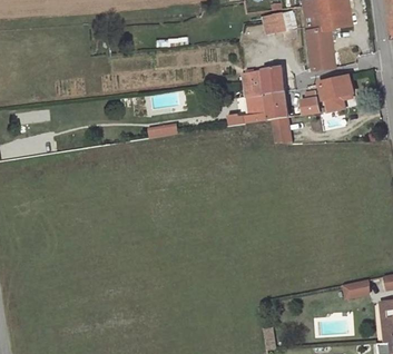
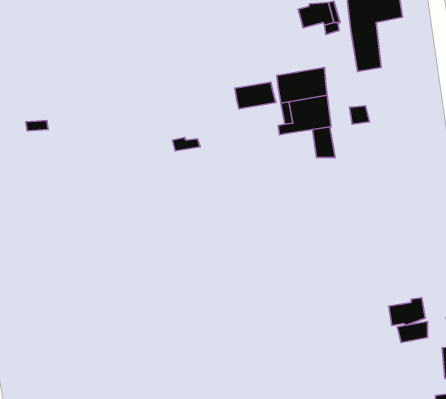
building: [317,76,351,110] -> none
building: none -> [235,82,276,109]
building: none -> [389,298,425,326]

